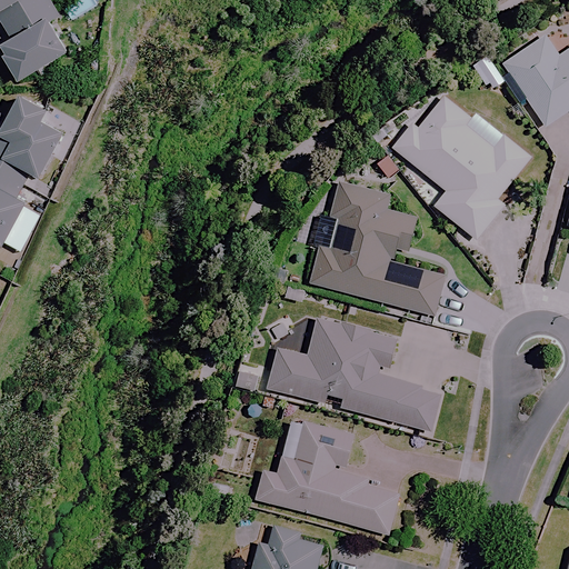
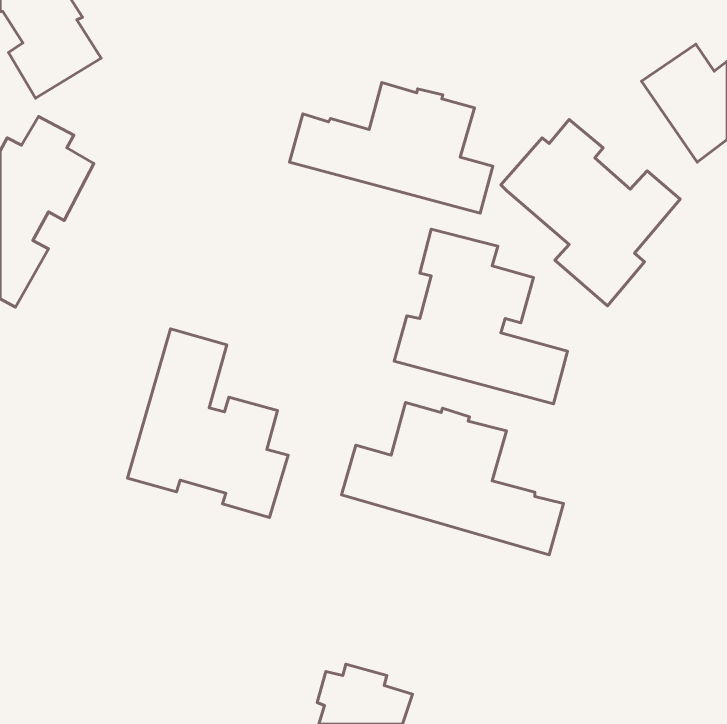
building: none -> [290,83,493,213]
building: none -> [127,329,288,518]
building: [252,420,398,535] -> none

